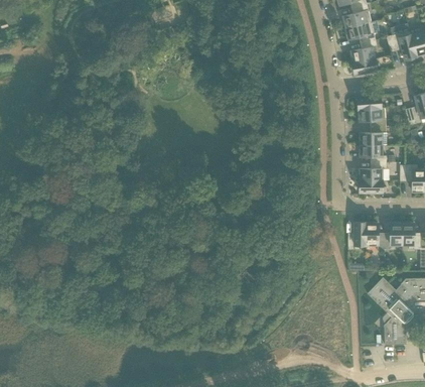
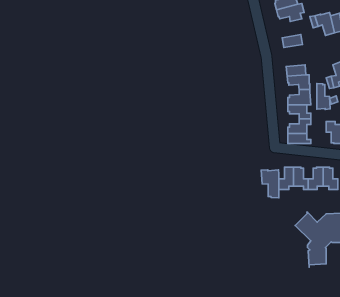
building: [349,39,376,62] -> none
building: none -> [317,84,330,109]
building: none -> [261,170,279,198]

